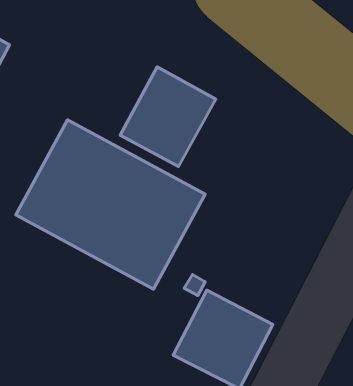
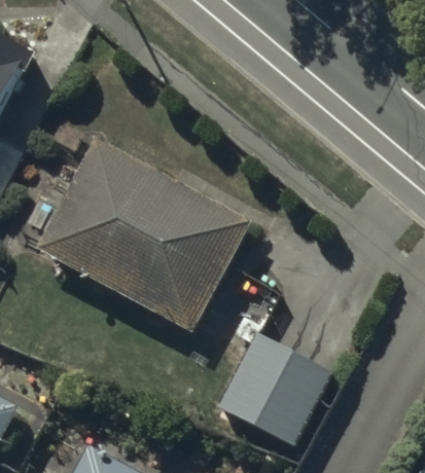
building: [120,67,216,167] -> none

